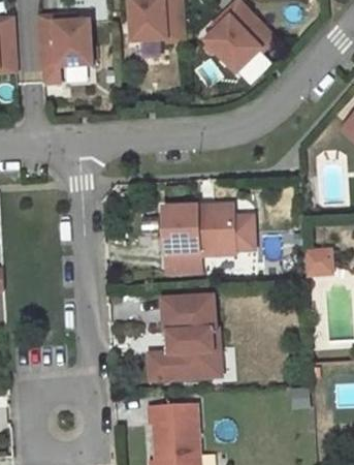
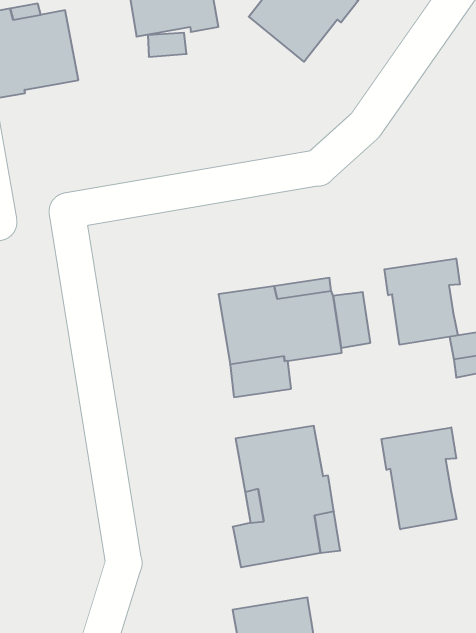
building: none -> [384,258,460,345]
building: none -> [382,427,457,529]

